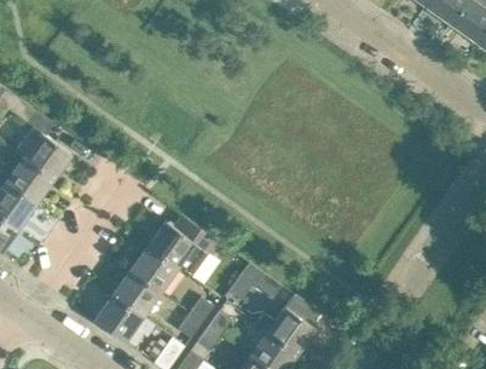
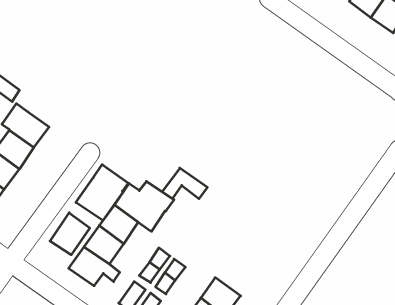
building: none -> [76,165,128,220]
building: none -> [50,213,90,255]
building: [227,264,280,300] -> [162,168,207,199]
building: [254,296,318,354] -> none

